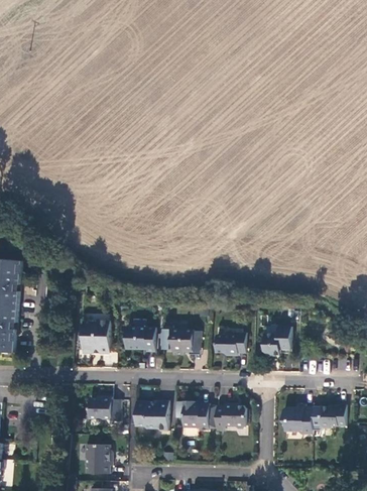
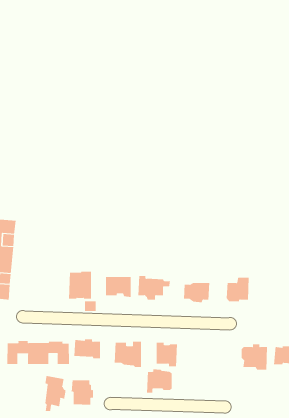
building: none -> [7,340,69,365]
building: [215,402,245,431] -> [146,369,173,393]
building: none -> [45,375,66,412]

